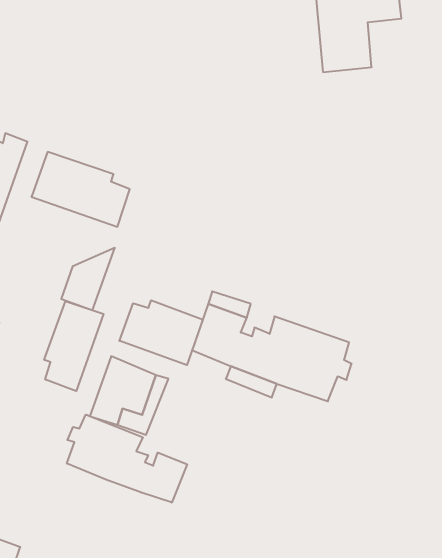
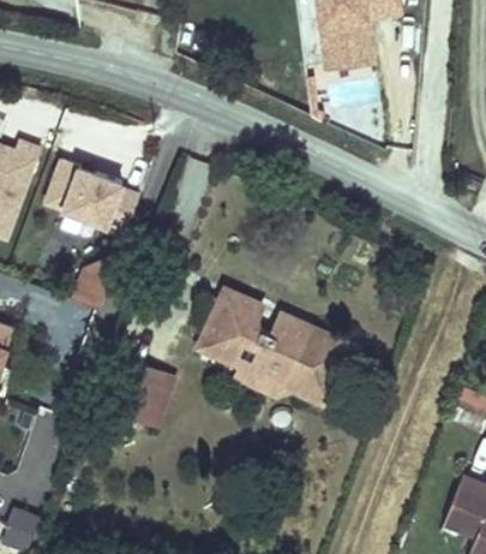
building: [119,300,203,365] -> none
building: [44,301,104,391] -> none
building: [67,415,187,503] -> none

